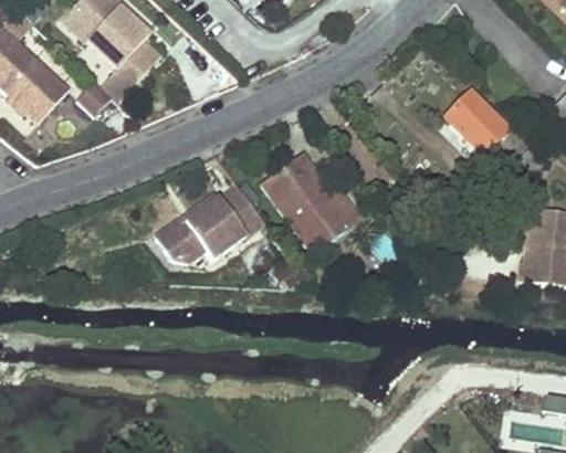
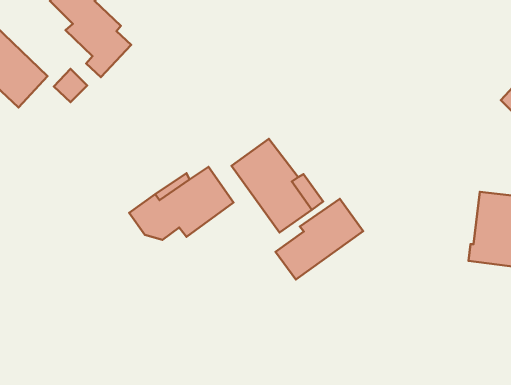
building: [447,92,509,154] -> none
building: none -> [276,199,363,279]

